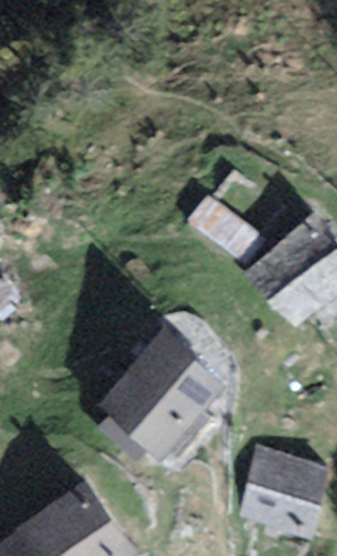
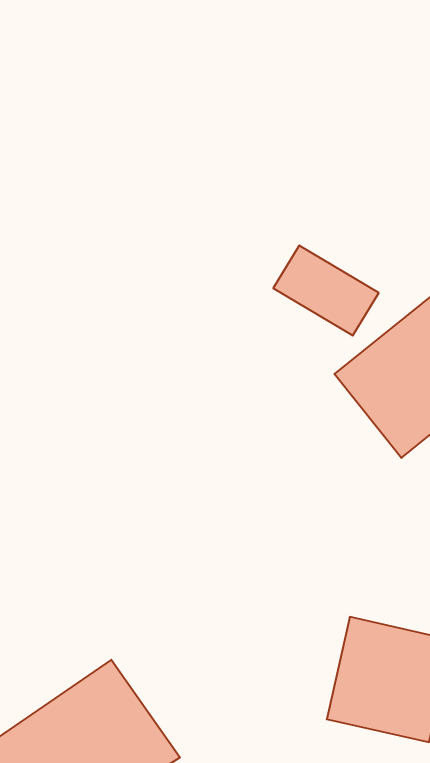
building: [98,330,230,463] -> none

